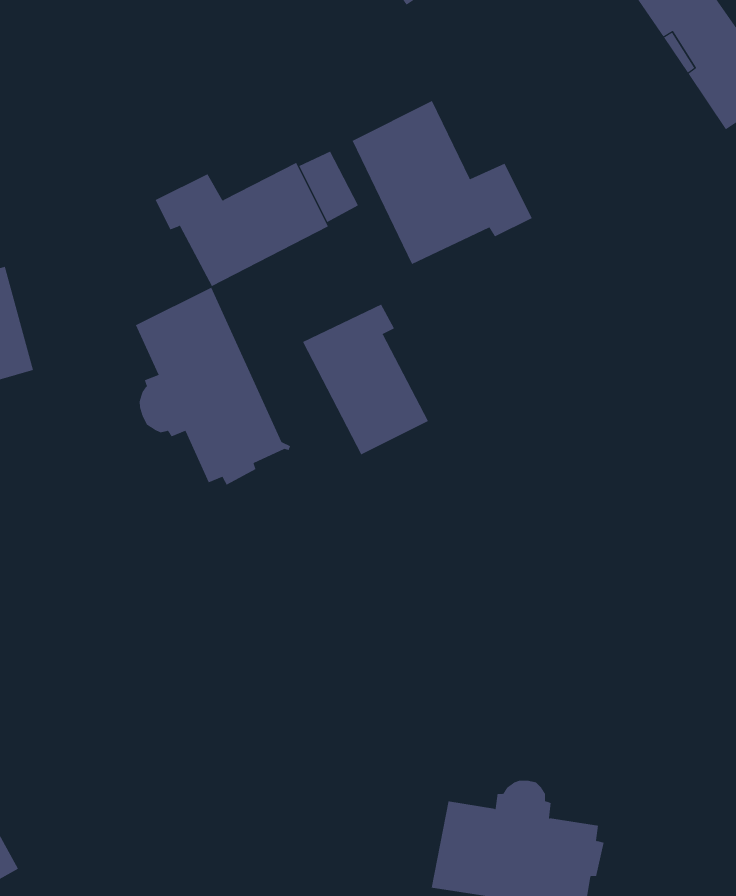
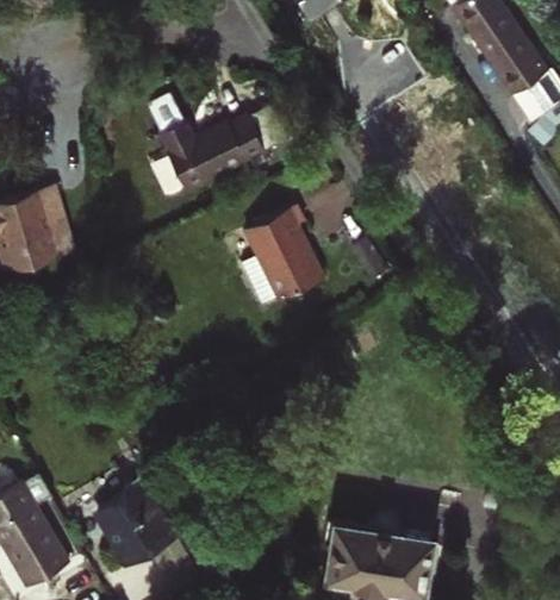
building: [352,100,533,265] -> none
building: [135,287,291,485] -> none
building: none -> [100,482,181,571]

